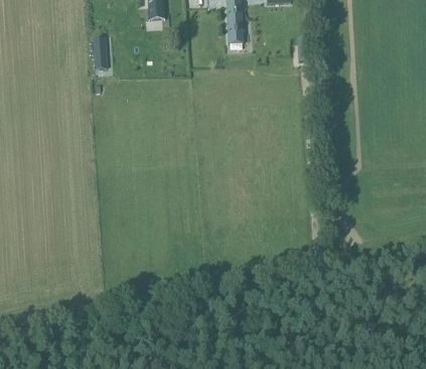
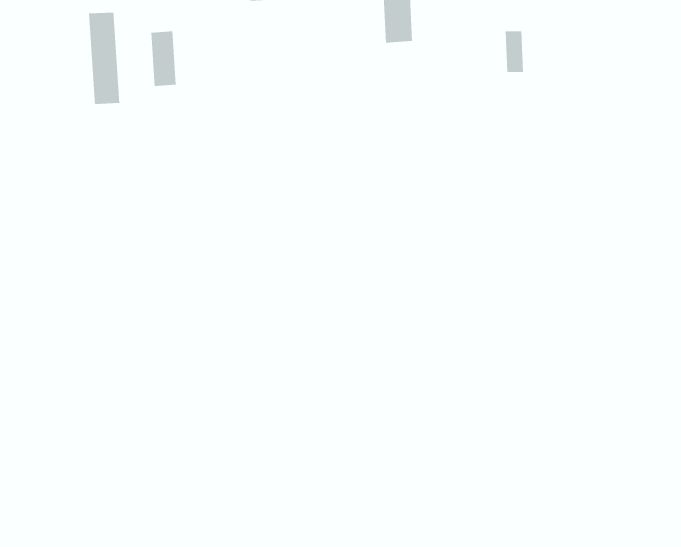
building: none -> [88,12,120,105]

